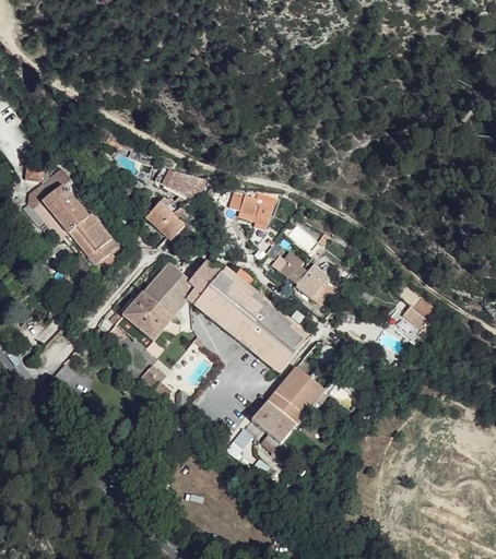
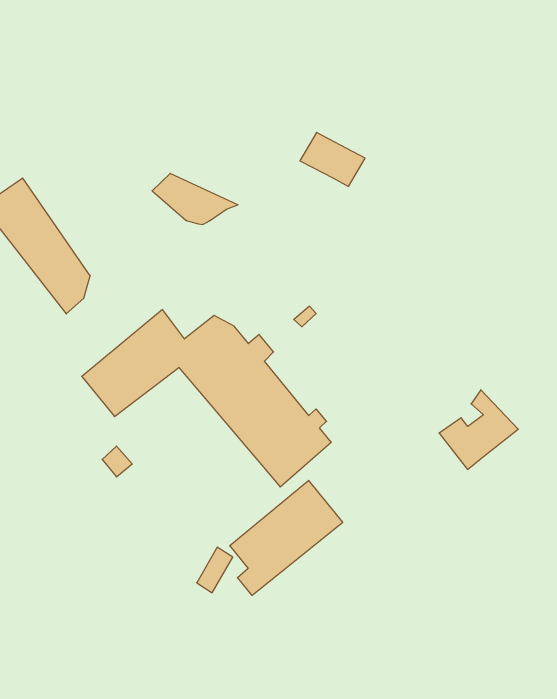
building: [239,190,285,225] -> [300,132,365,186]
building: [147,199,187,238] -> none
building: [283,249,328,299] -> none

